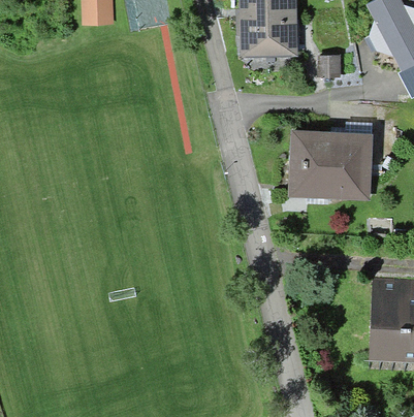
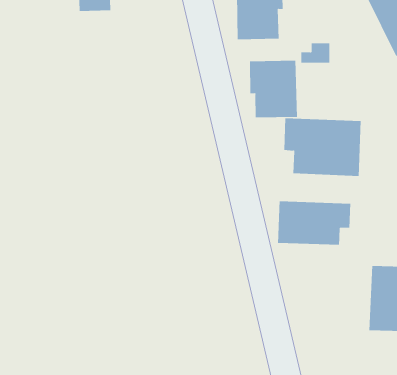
building: none -> [249,60,298,118]
building: none -> [277,200,351,246]

